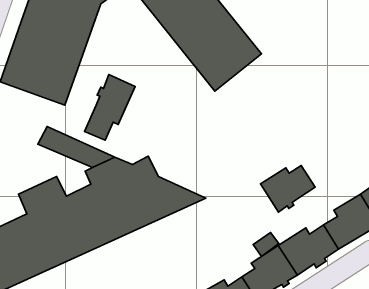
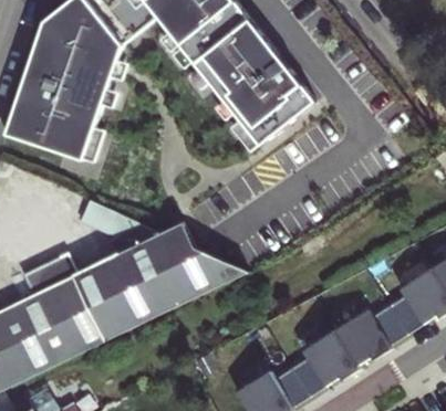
building: [84,74,135,140] -> none
building: [261,166,315,212] -> none

